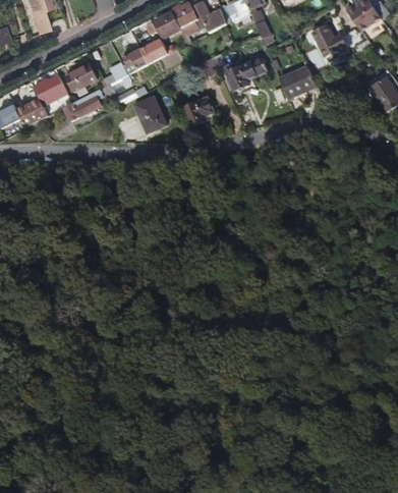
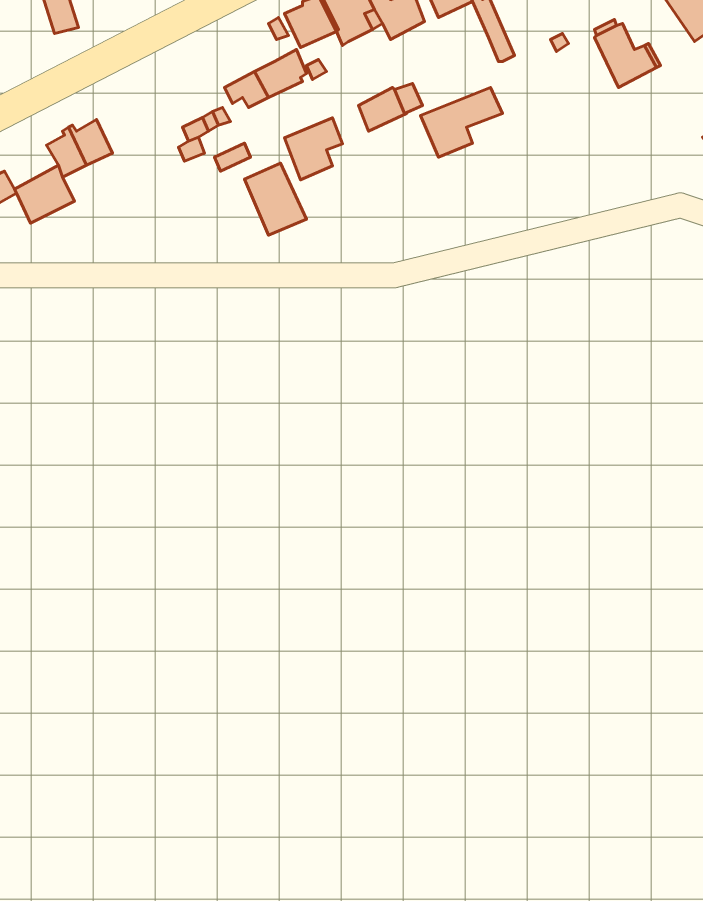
building: [66,62,97,89] -> none
building: [279,65,317,98] -> none
building: [64,94,102,120] -> none
building: [183,100,213,131] -> [284,118,342,180]

